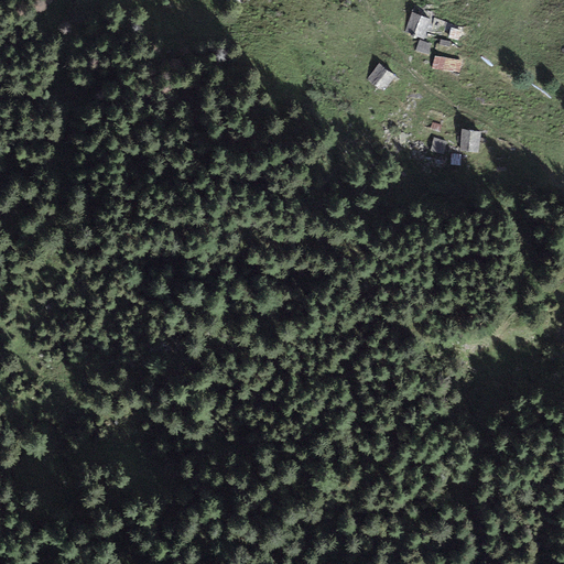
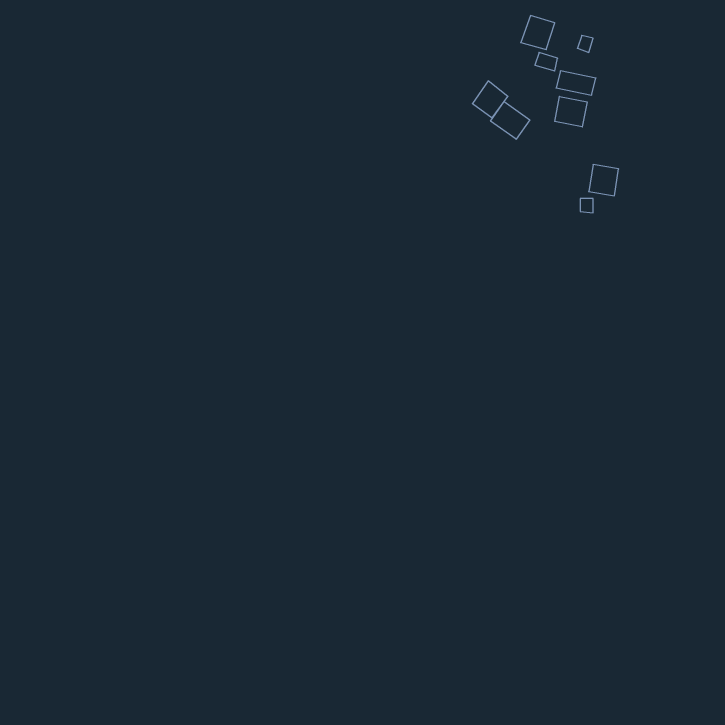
building: none -> [555,96,587,127]
building: none -> [491,102,530,139]

